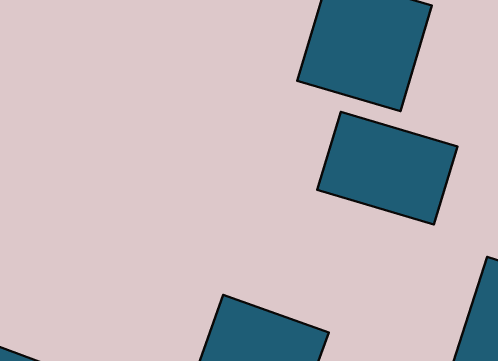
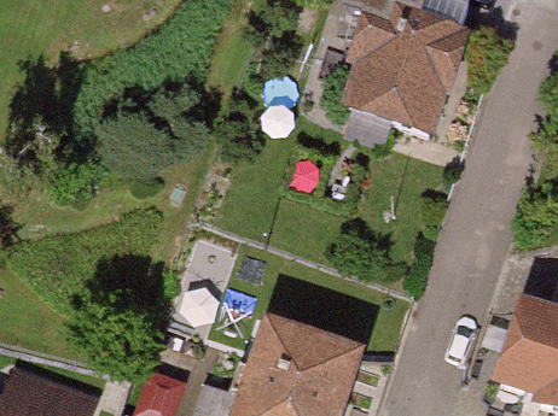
building: [317,112,458,225] -> none

